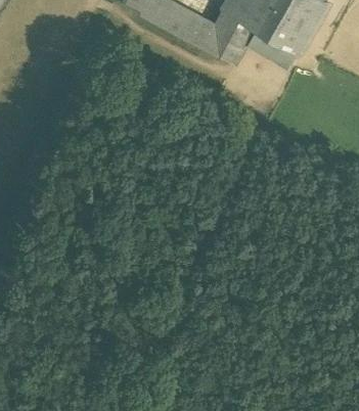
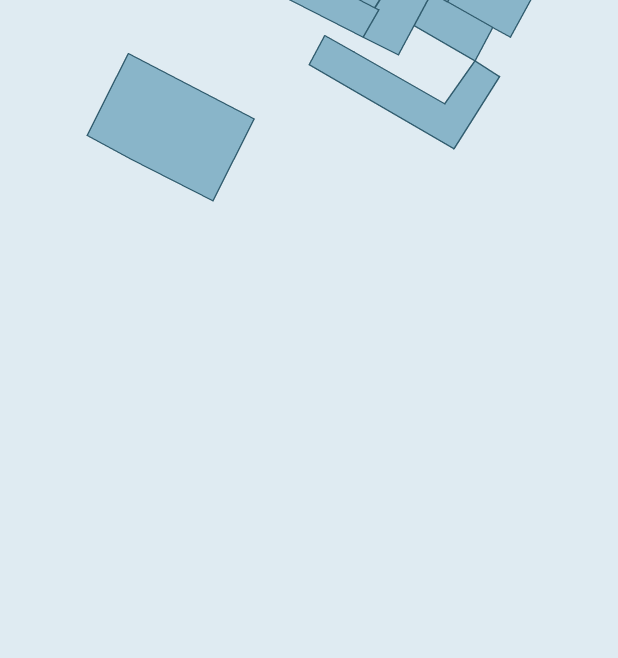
building: none -> [309,36,500,149]
building: none -> [87,54,254,201]

